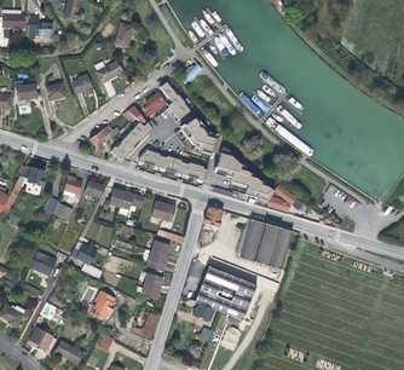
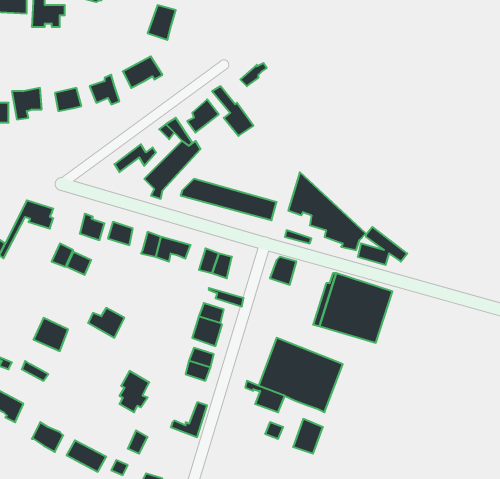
building: [183,116,219,152] -> none

